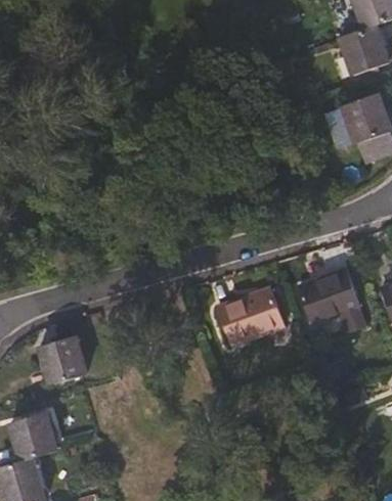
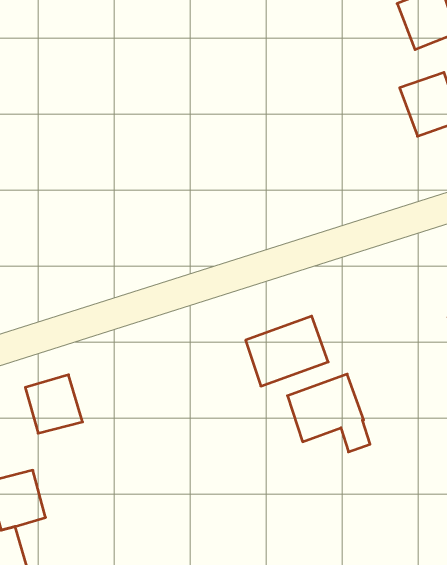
building: [299,269,365,331] -> [287,374,370,452]

